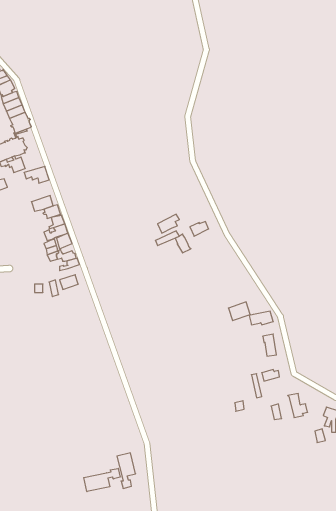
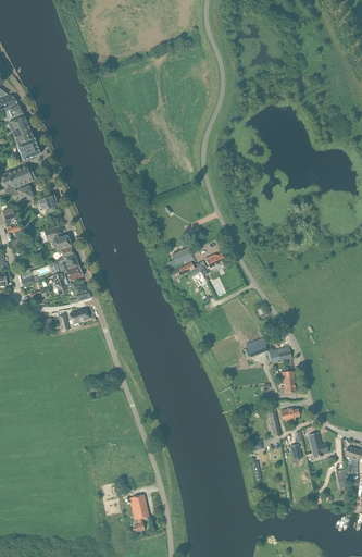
building: [84,468,120,492] -> none

